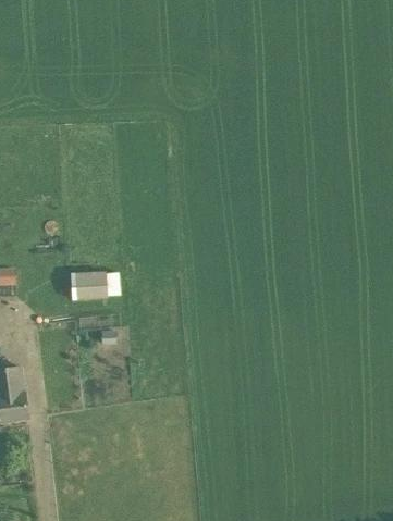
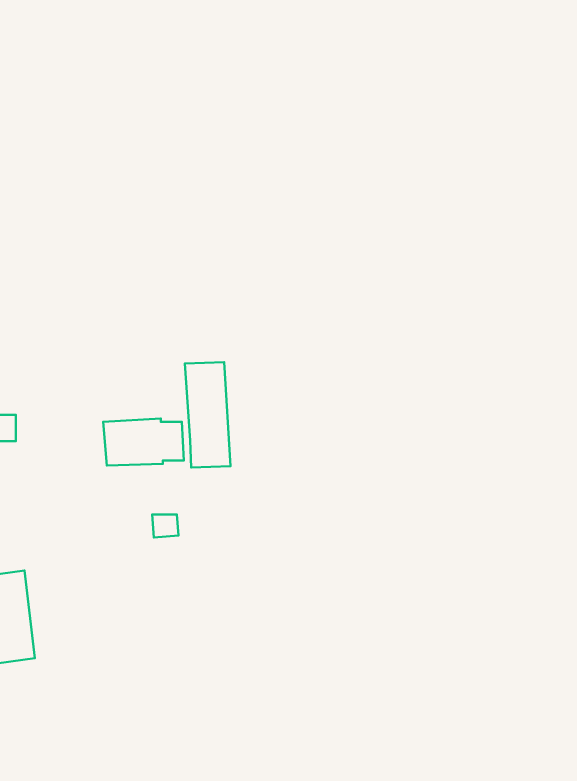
building: none -> [185,362,231,468]

